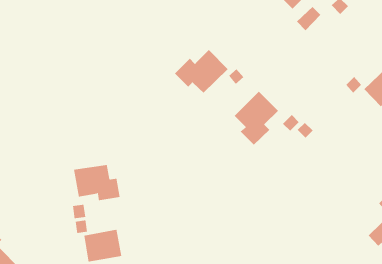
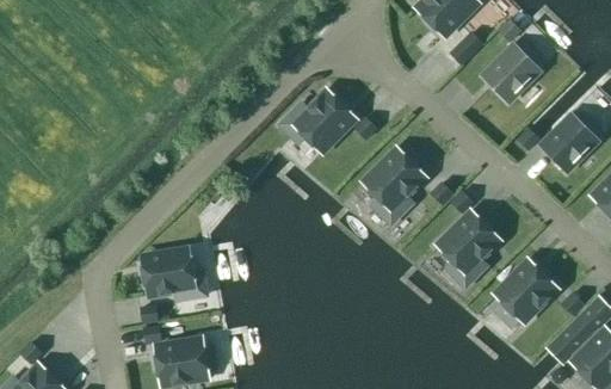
building: none -> [483,45,538,100]
building: none -> [438,211,499,286]
building: none -> [490,260,556,323]

